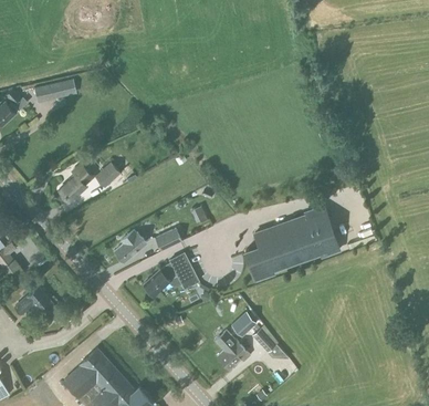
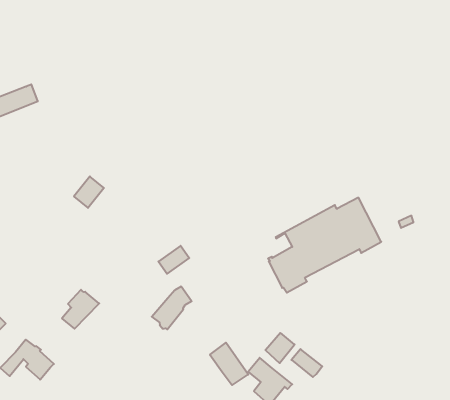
building: [57,158,96,200] -> none
building: [114,230,146,261] -> [62,290,99,329]
building: [169,252,198,288] -> [210,343,248,385]

